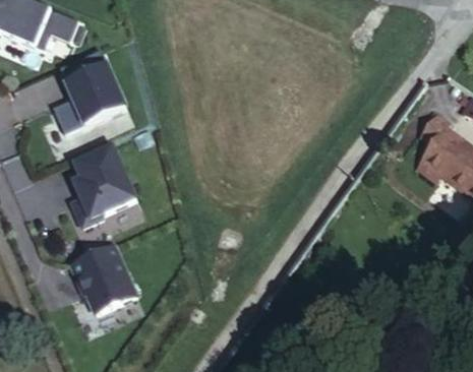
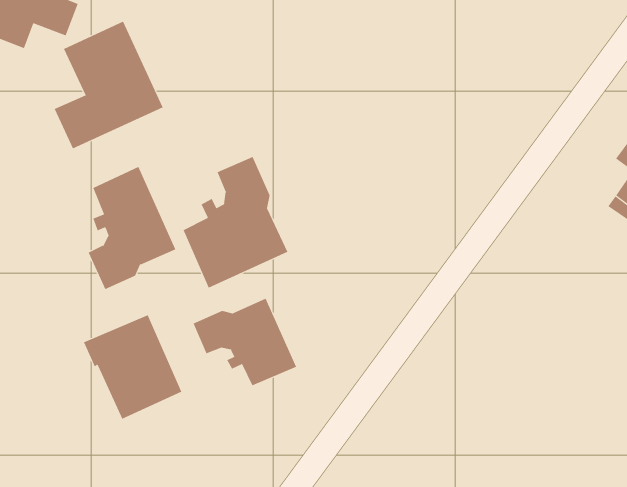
building: none -> [183,156,288,288]
building: none -> [193,298,297,386]

